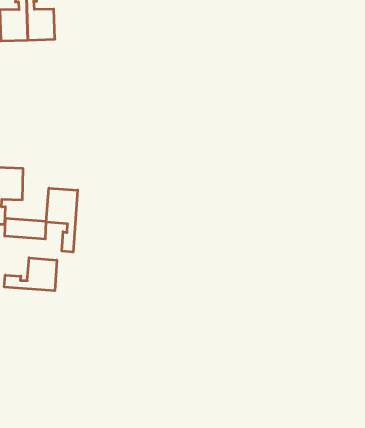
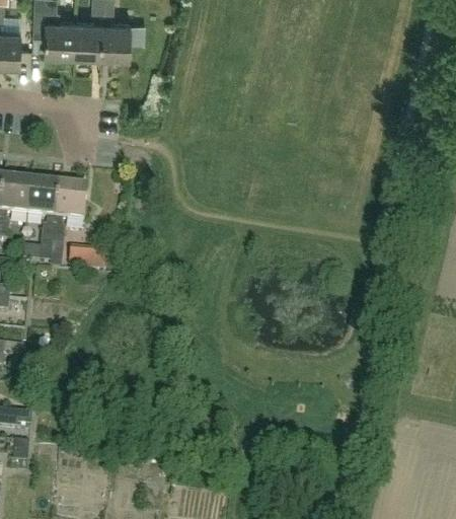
building: [46,188,78,252] -> none
building: [4,258,57,291] -> none

